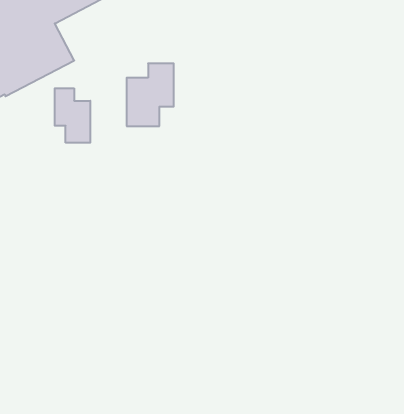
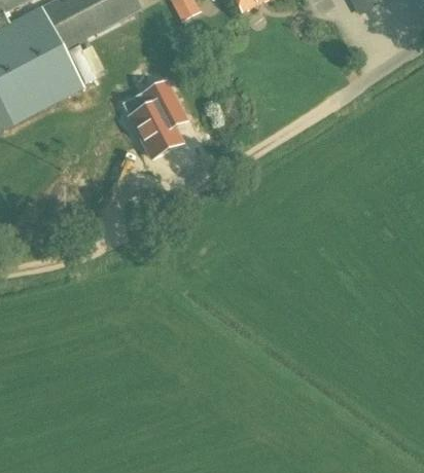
building: [55,88,90,143] -> none

